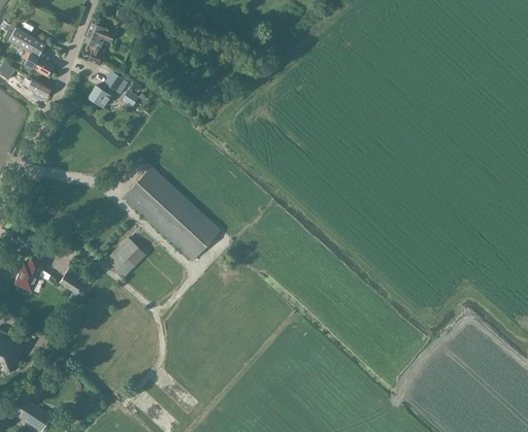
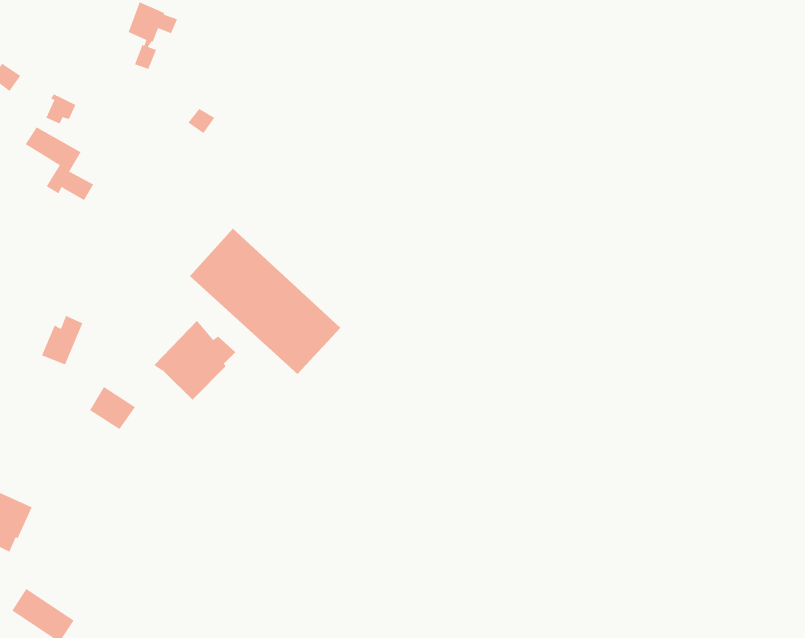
building: [8,28,53,75] -> [25,126,94,201]
building: [88,72,128,107] -> none
building: [15,258,42,290] -> [41,315,83,365]

